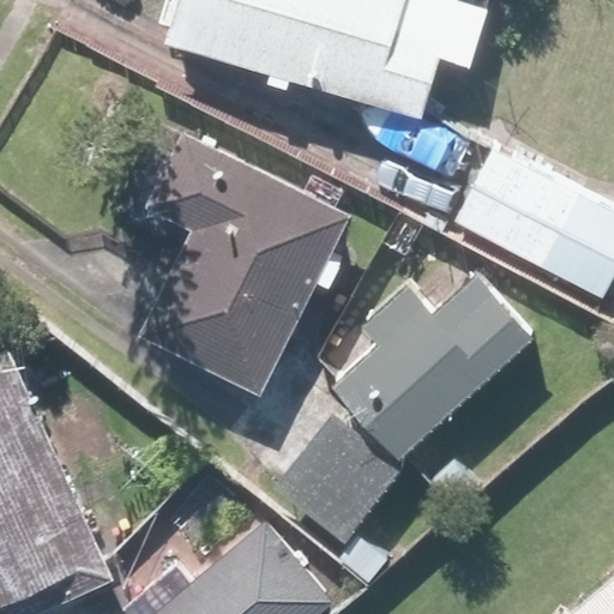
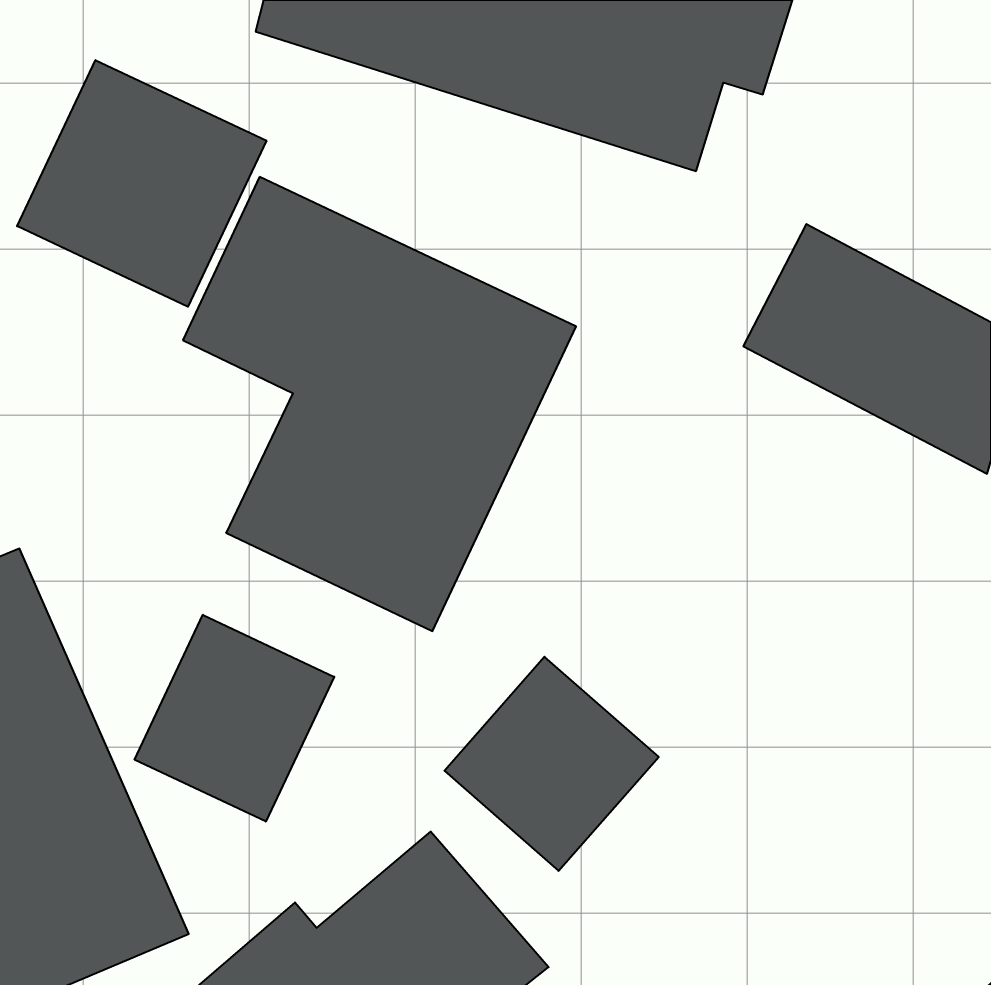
building: none -> [17,60,266,307]
building: [336,272,540,457] -> none
building: none -> [135,615,334,822]

